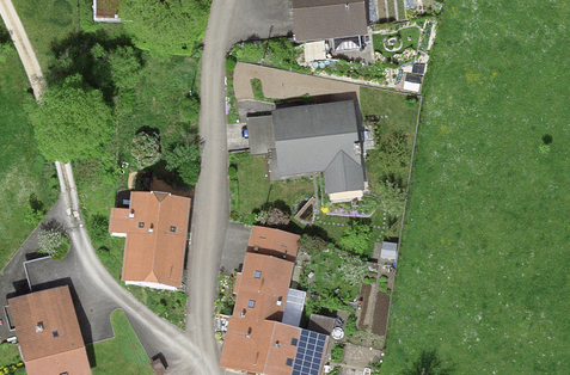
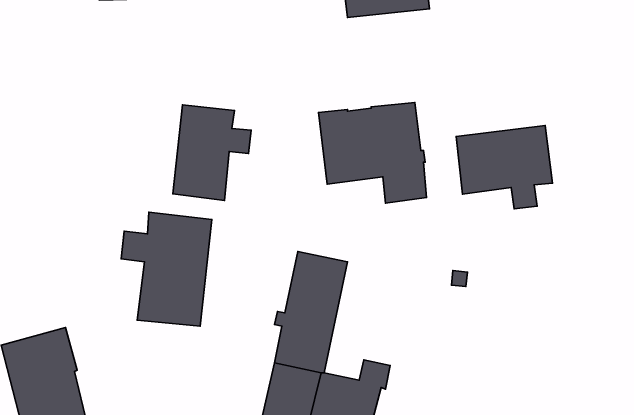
building: none -> [173,105,251,200]
building: none -> [456,126,553,209]

